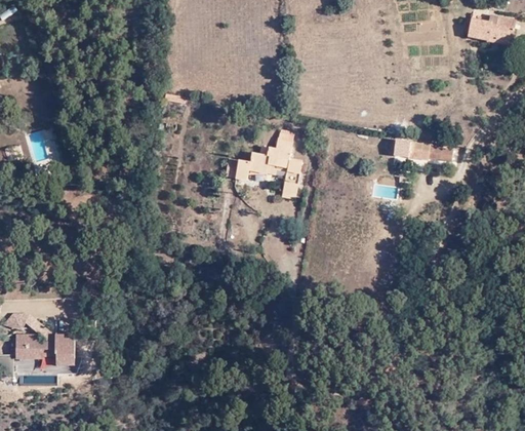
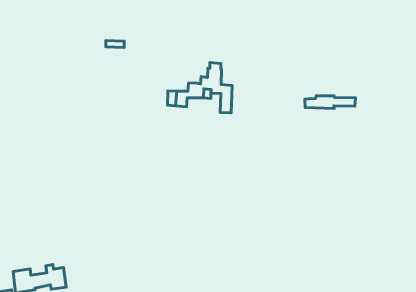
building: [393,141,451,159] -> [305,96,355,108]

